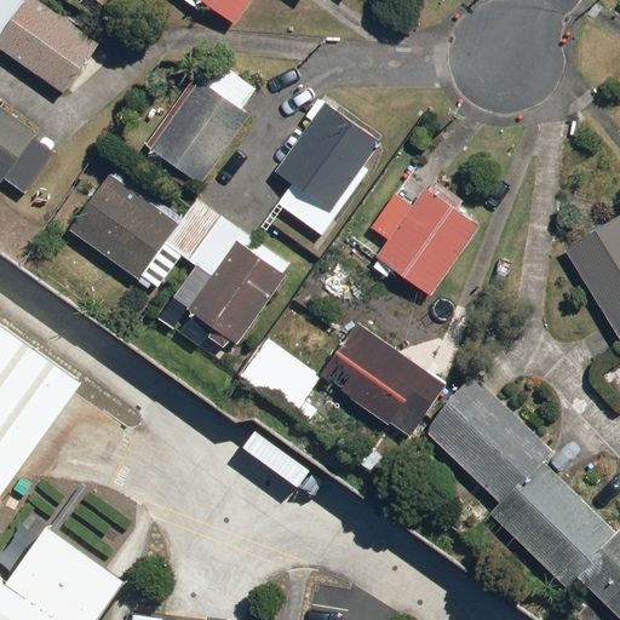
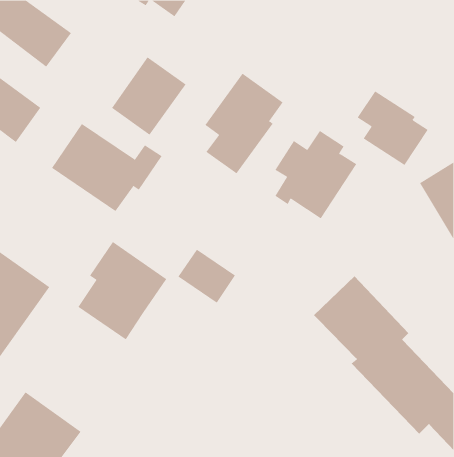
building: none -> [357,90,428,166]
building: [172,213,293,346] -> [78,241,167,340]
building: [321,322,447,436] -> none

